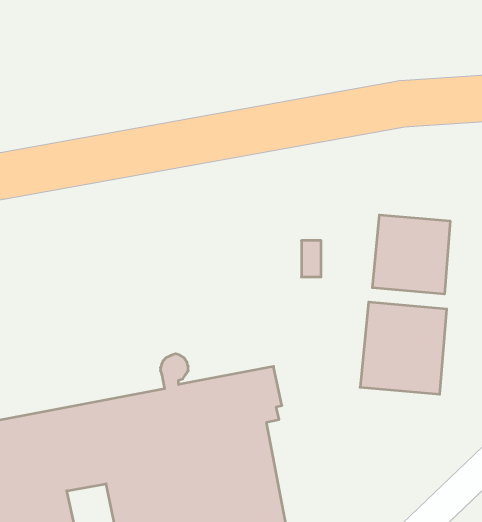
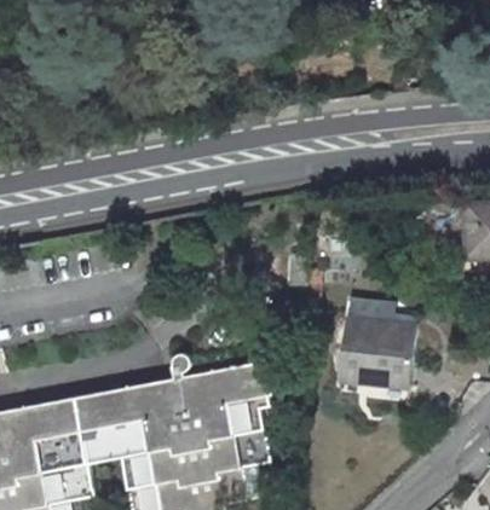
building: [372,215,450,294] -> none

